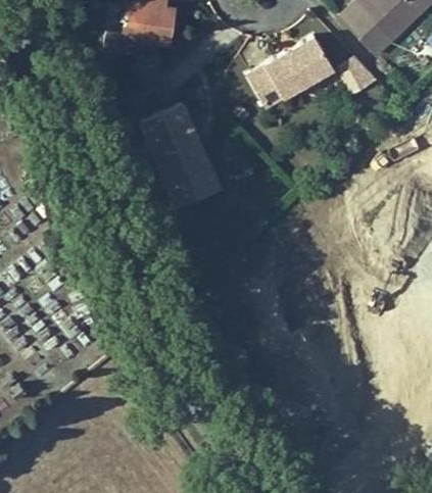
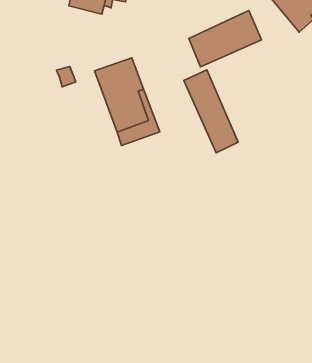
building: [333,58,374,97] -> none
building: none -> [184,70,238,153]

